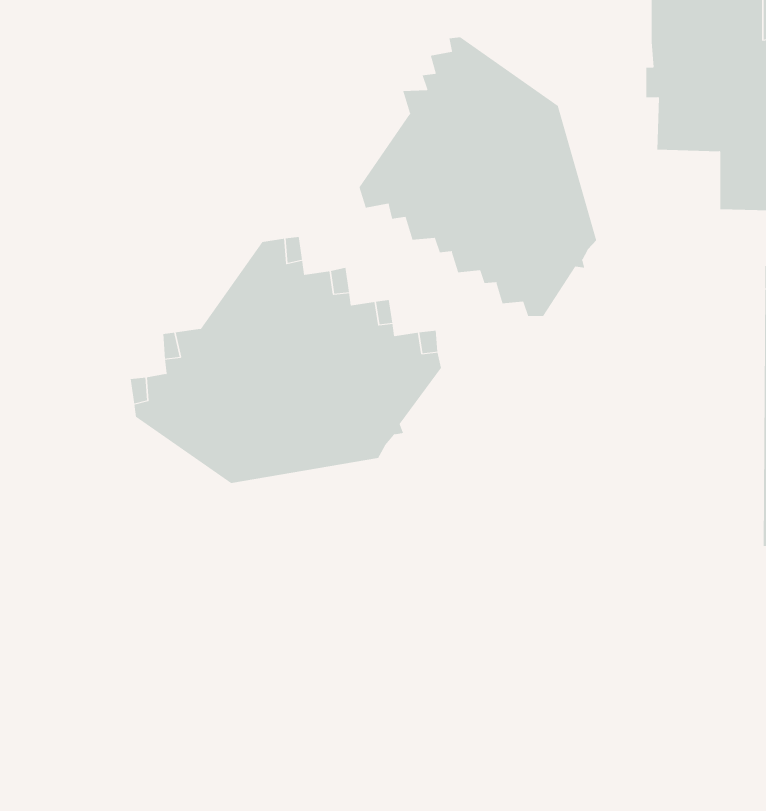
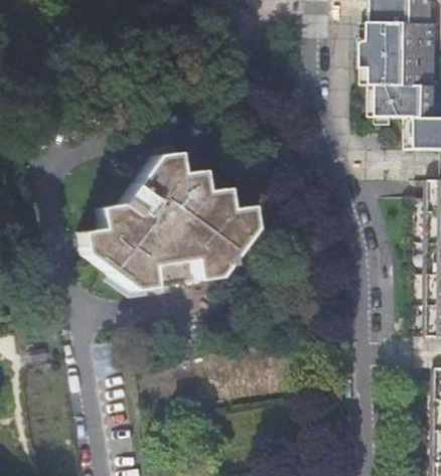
building: [359,36,597,317] -> none

